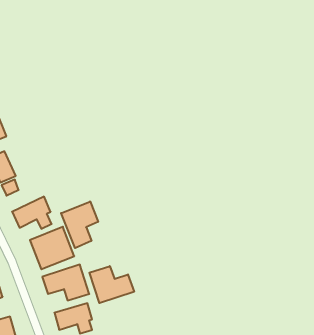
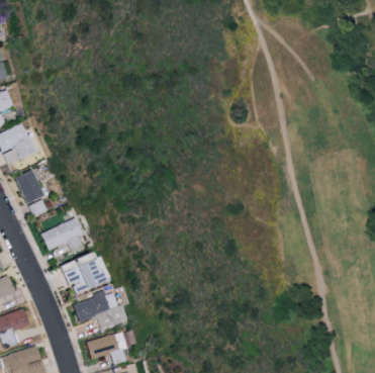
building: [61,201,98,248] -> none
building: [89,266,134,303] -> none

